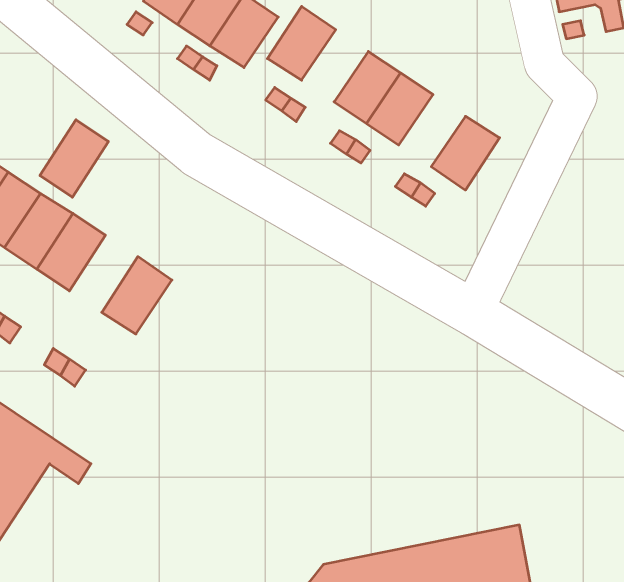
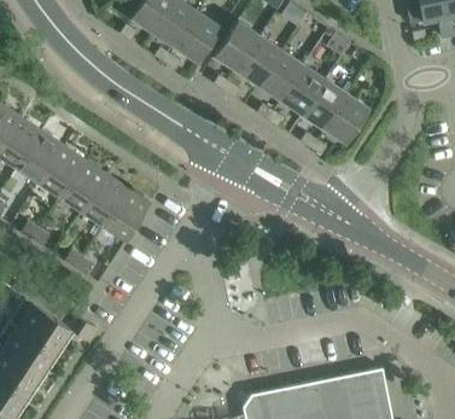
building: none -> [238,36,282,85]
building: none -> [303,80,348,128]
building: [40,120,108,197] -> [82,174,128,226]

